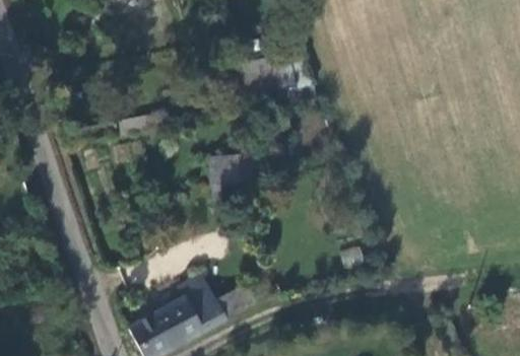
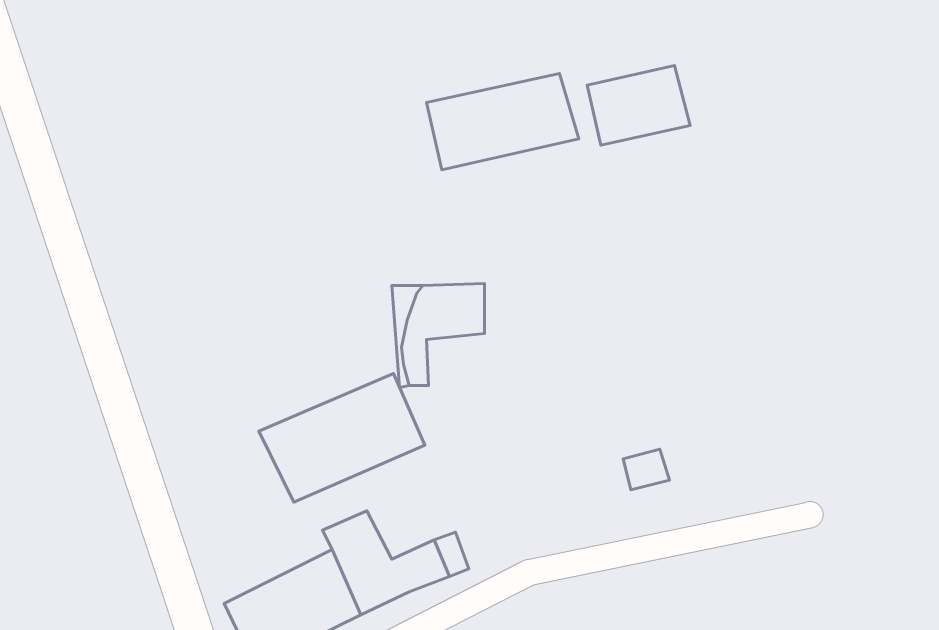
building: none -> [587,65,690,145]
building: none -> [259,374,425,502]

